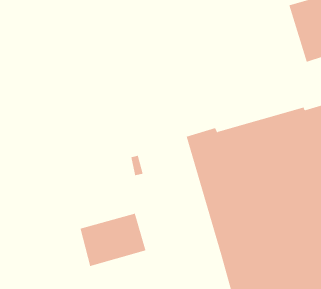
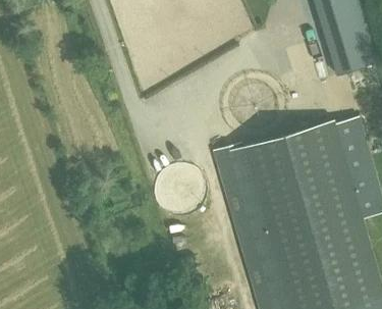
building: [80,213,146,267] -> none

